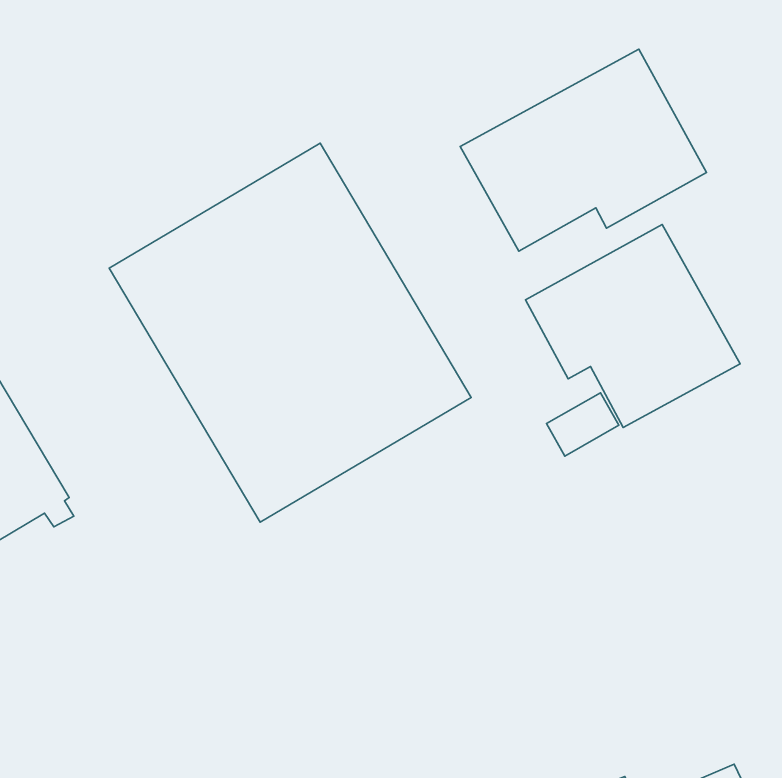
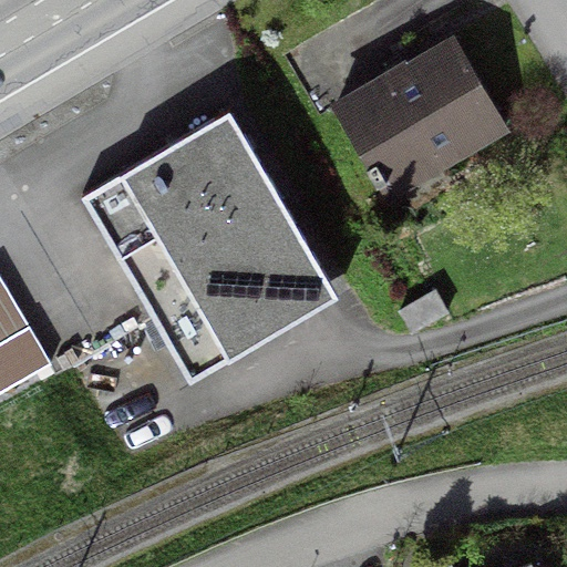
building: [525,225,740,428] -> none

